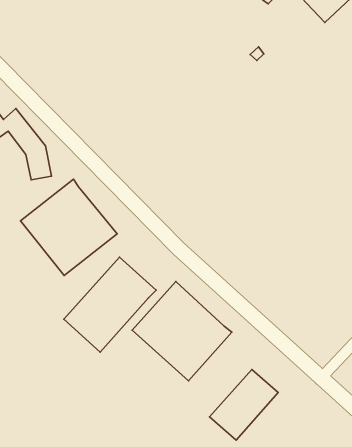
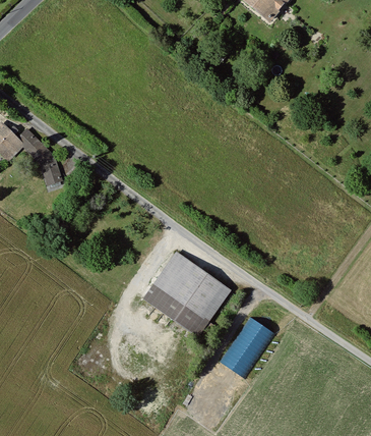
building: [21,179,117,276] -> none
building: [64,257,156,352] -> none

